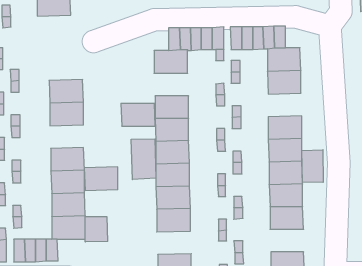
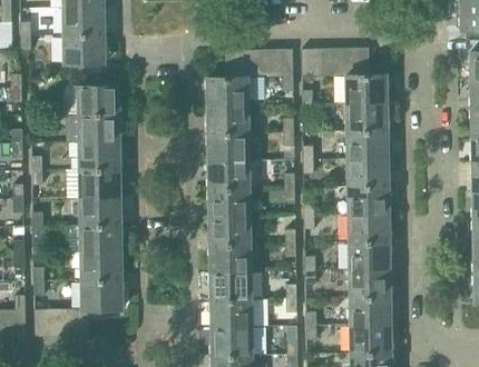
building: none -> [63,34,105,65]
building: none -> [78,86,119,115]
building: none -> [348,130,389,159]
building: [121,103,155,126] -> [207,106,250,133]
building: [131,139,156,180] -> none
building: [302,150,323,182] -> none
building: [84,167,118,190] -> [79,169,120,198]
building: [85,216,108,242] -> none
building: none -> [350,297,391,325]
building: none -> [211,299,253,328]

